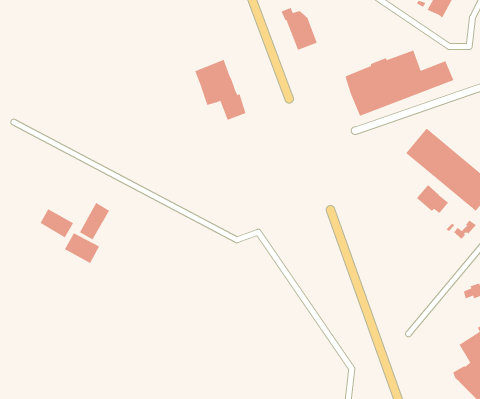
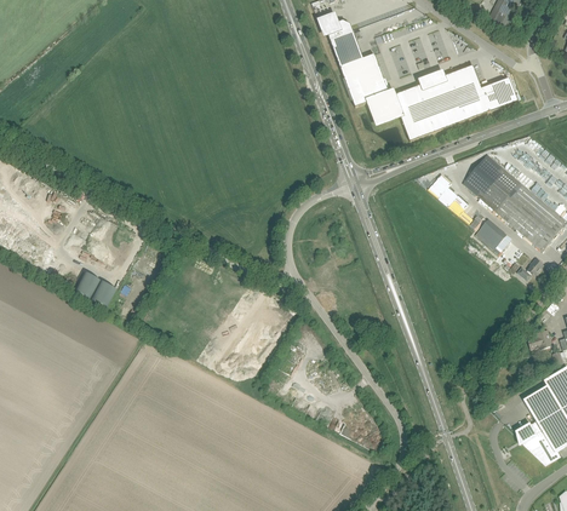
building: [194,59,246,121] -> [340,52,400,122]
building: [79,202,110,240] -> none
building: [39,208,74,238] -> none

